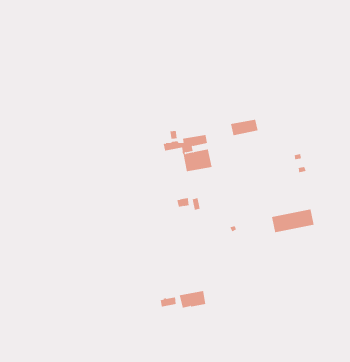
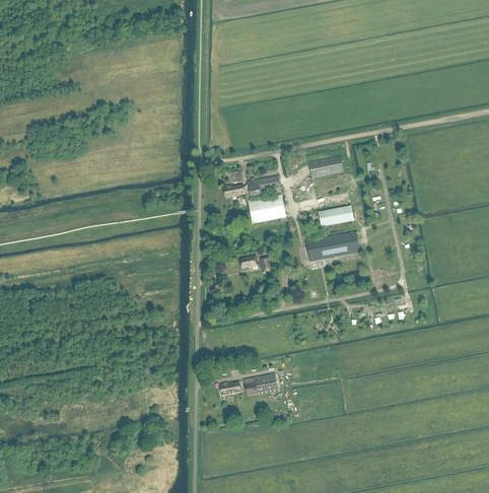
building: none -> [319,205,353,225]
building: [271,209,314,233] -> [305,230,360,261]

